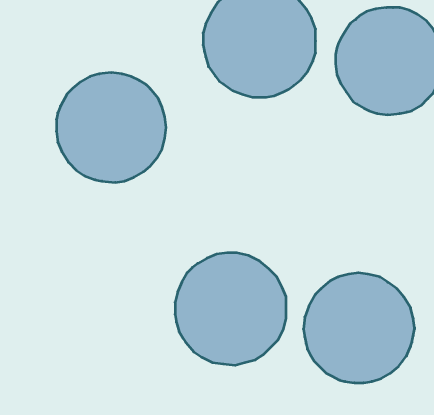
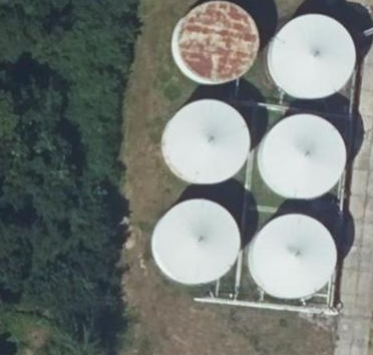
building: [56,73,166,182] -> [164,101,247,184]
building: none -> [261,115,344,198]

